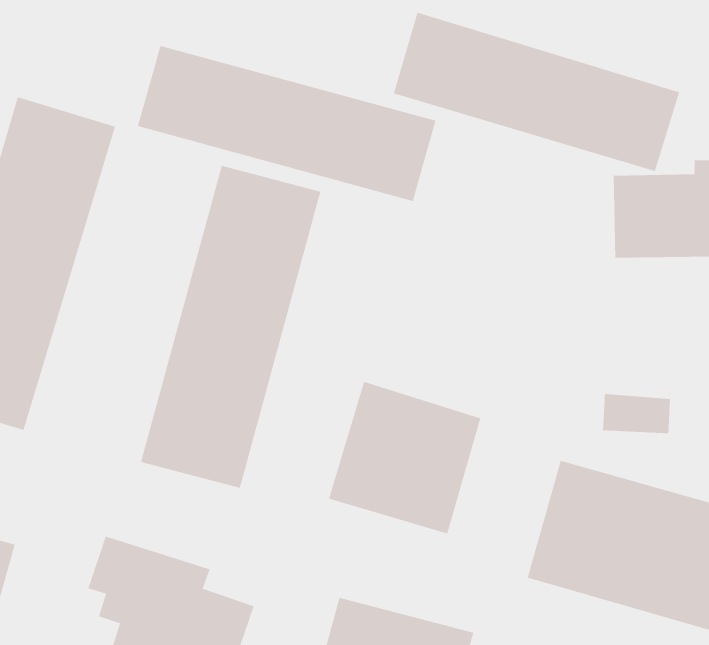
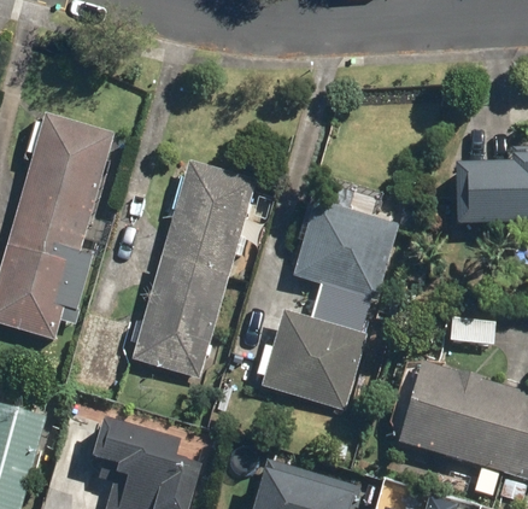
building: [393,12,680,172] -> none
building: [137,45,436,202] -> none
building: none -> [293,198,398,299]

